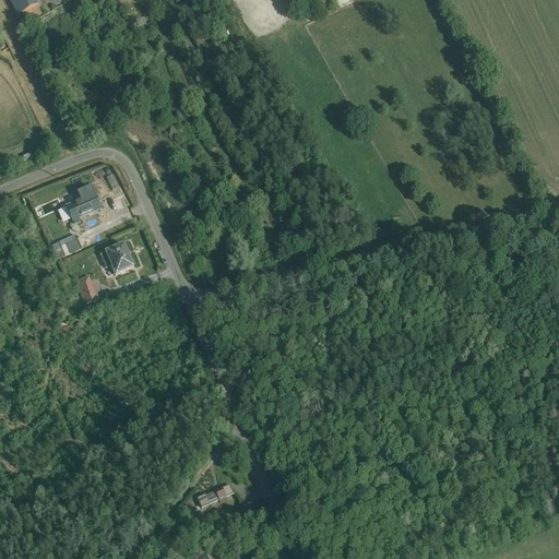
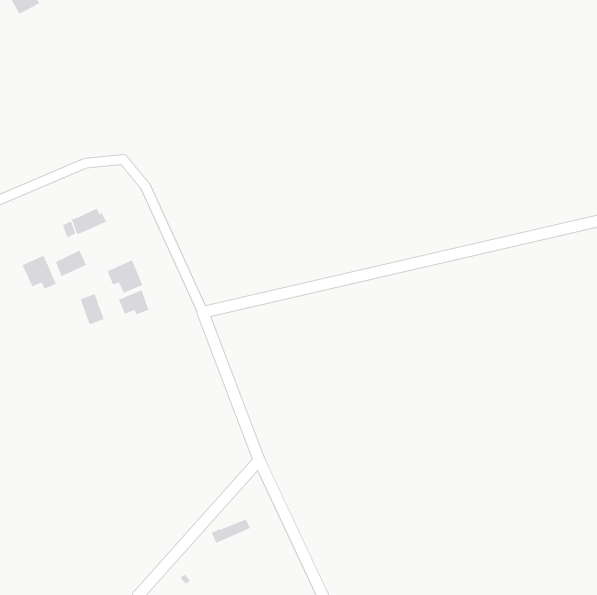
building: none -> [22,255,56,290]
building: none -> [118,289,149,315]

